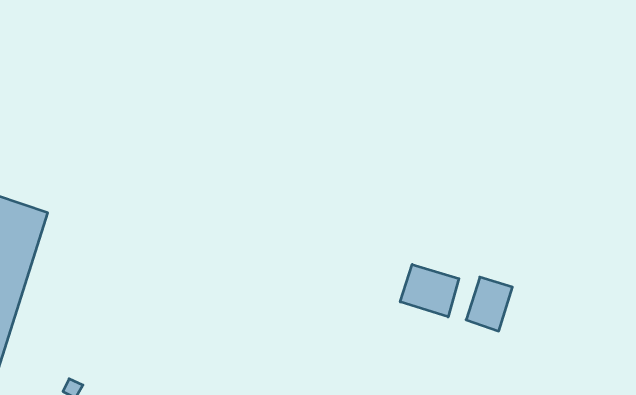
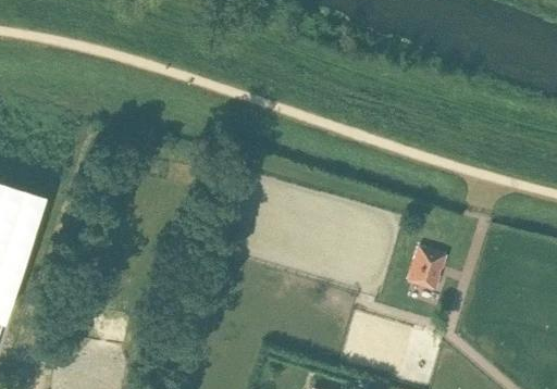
building: [400,264,459,317] -> none

